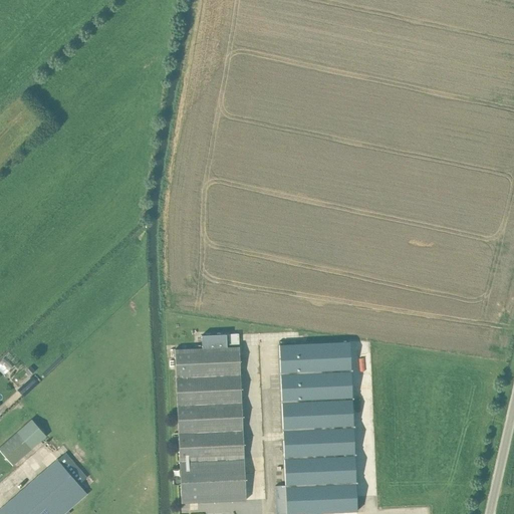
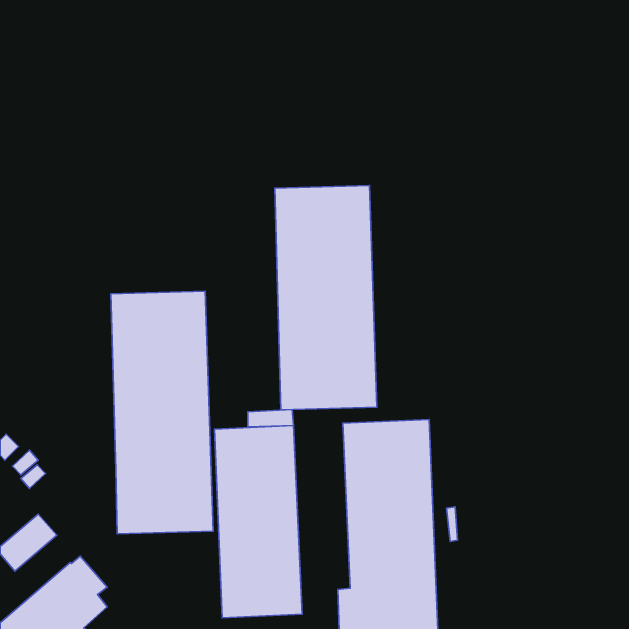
building: none -> [275,186,377,410]
building: none -> [111,291,213,534]

